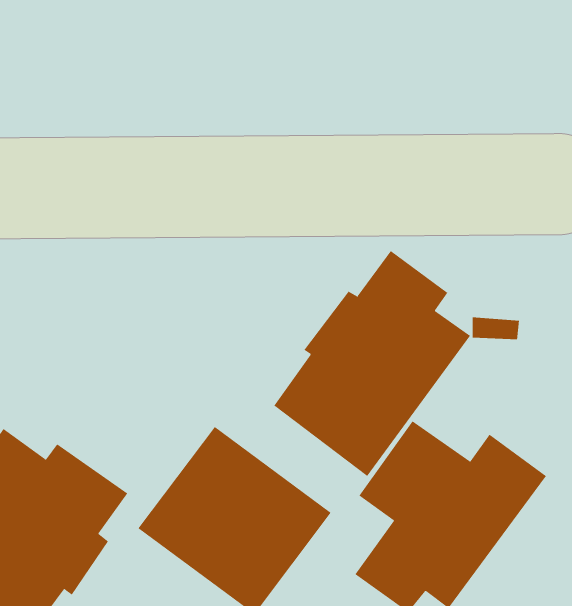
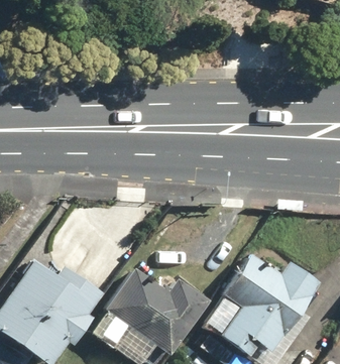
building: [274,250,471,477] -> none

